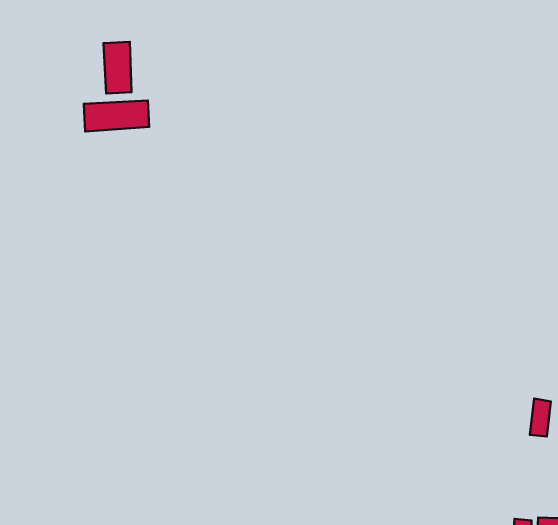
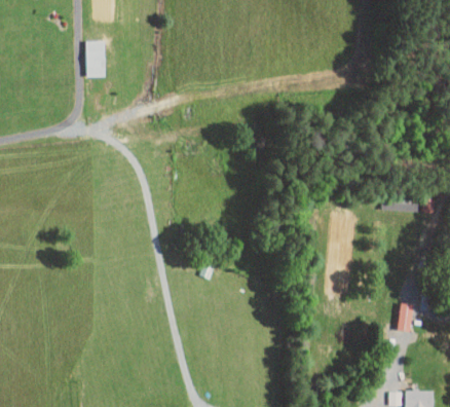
building: [84,101,149,132] -> none

